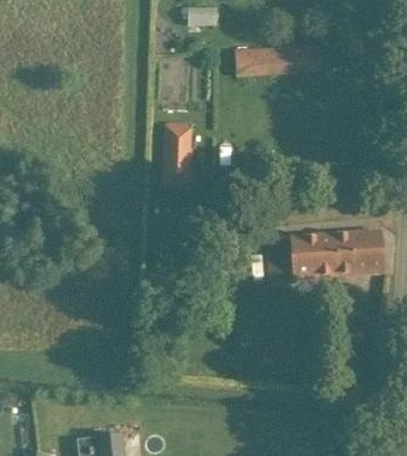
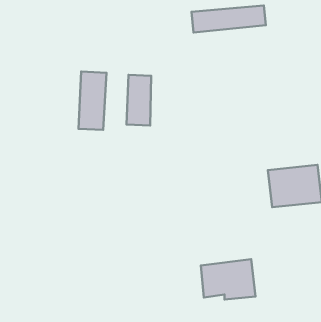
building: none -> [79,72,107,130]
building: [271,235,334,281] -> [201,259,255,300]

